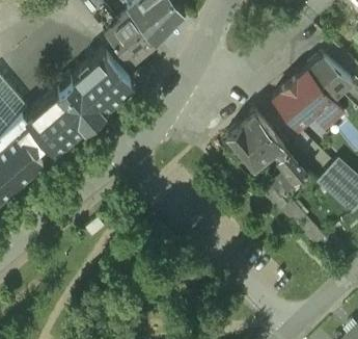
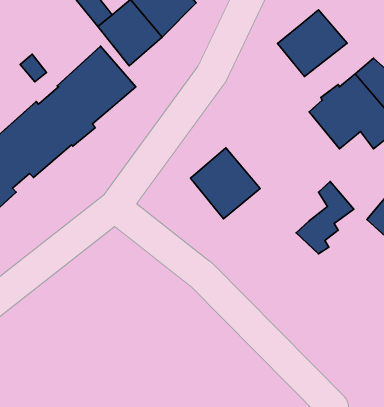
building: none -> [277,10,347,76]
building: [226,115,281,172] -> [191,148,260,219]

